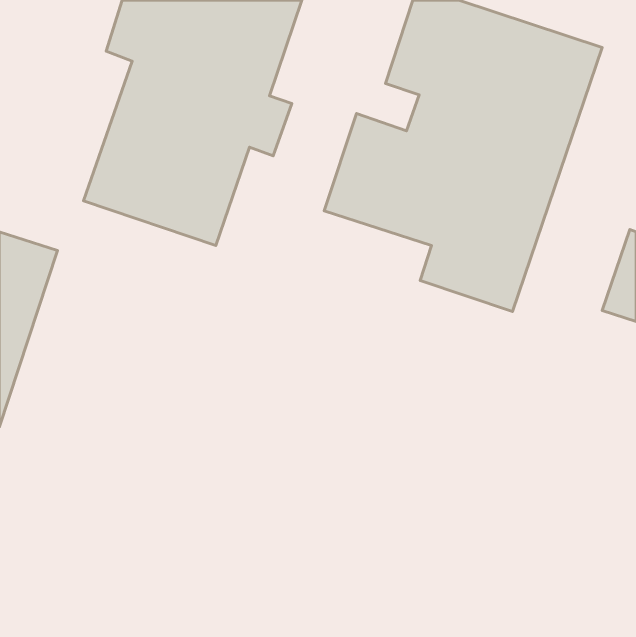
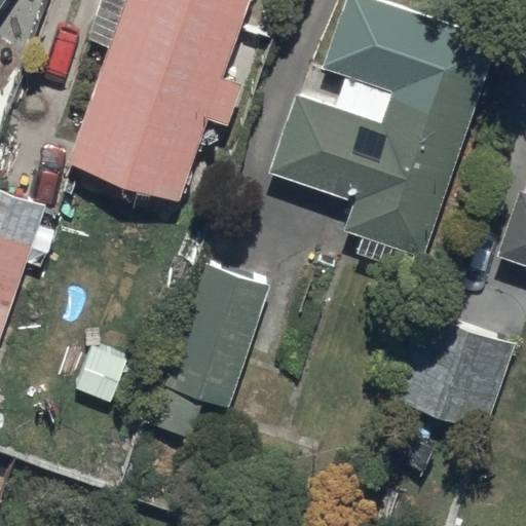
building: none -> [168,265,268,410]
building: none -> [398,313,516,431]

